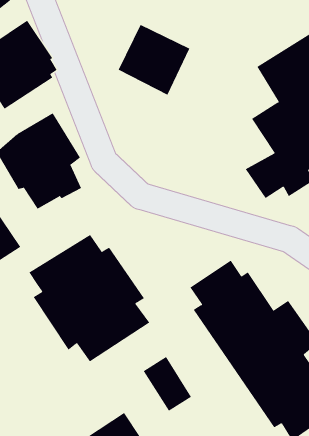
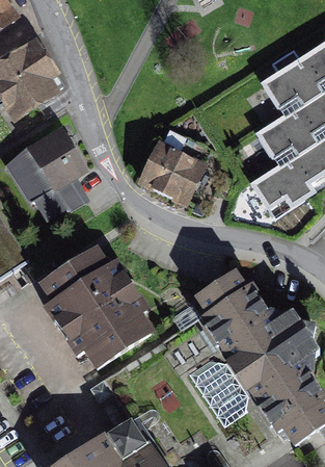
building: [118,24,190,95] -> [136,138,207,208]
building: [143,356,192,412] -> [197,365,245,419]

